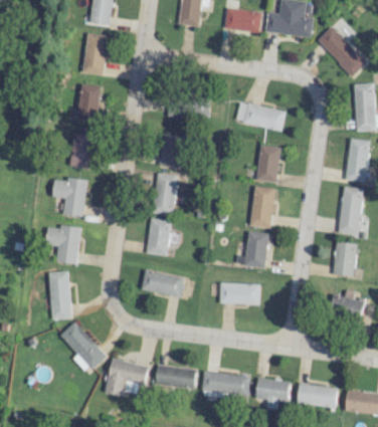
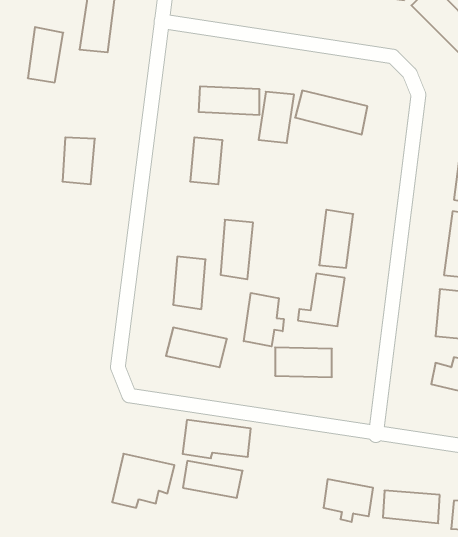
building: [75,83,101,123] -> [28,27,63,82]
building: [256,146,281,182] -> [259,92,294,143]
building: [154,174,177,216] -> [221,220,253,279]
building: [52,178,86,217] -> none
building: [45,225,80,264] -> none
building: none -> [244,293,284,346]
building: [49,271,72,319] -> none
building: [59,322,106,374] -> none
building: [201,371,249,398] -> [183,420,251,458]

